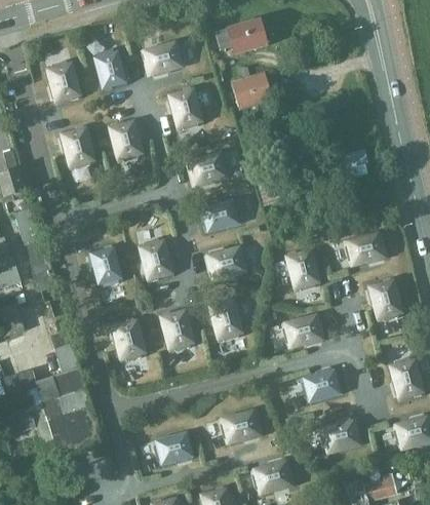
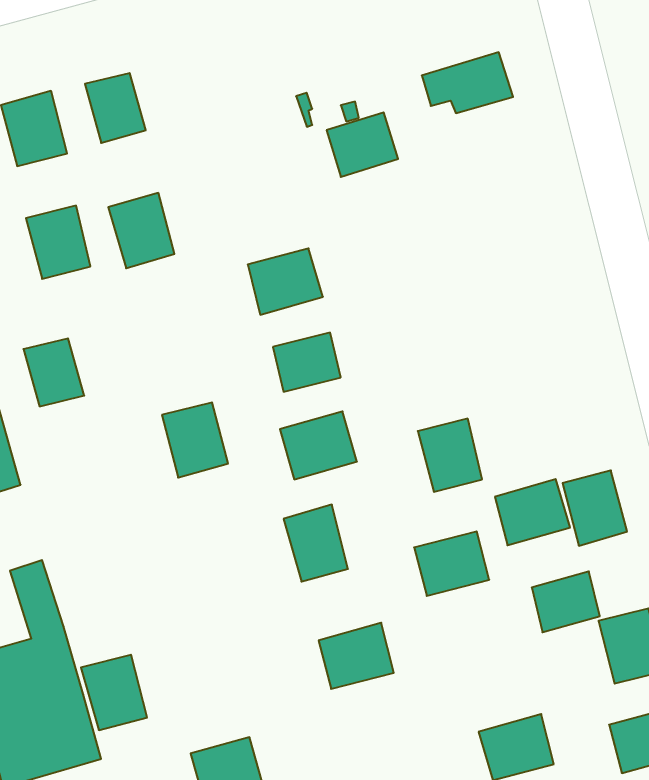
building: [216,18,268,53] -> [422,52,513,113]
building: [142,39,185,77] -> none
building: [167,87,205,130] -> none
building: [345,230,388,268] -> [495,479,570,545]
building: [88,246,123,285] -> [23,338,84,406]
building: [158,309,196,352] -> none
building: [110,318,148,361] -> [81,655,147,730]
building: [303,368,342,403] -> [532,571,600,632]
building: [220,407,263,445] -> [319,623,394,689]

